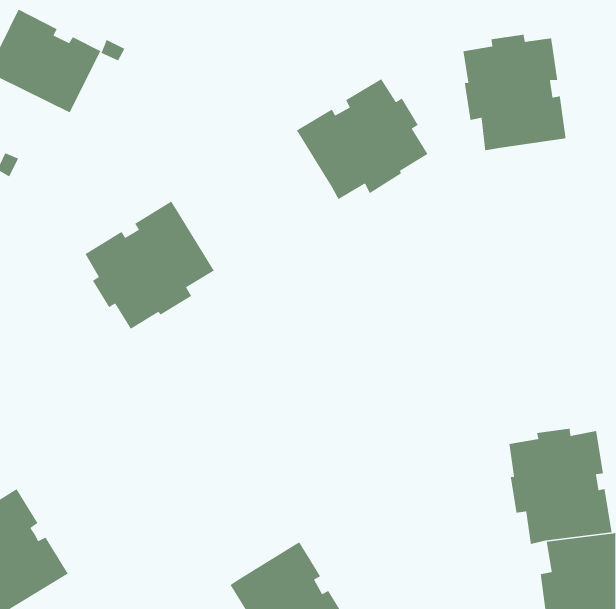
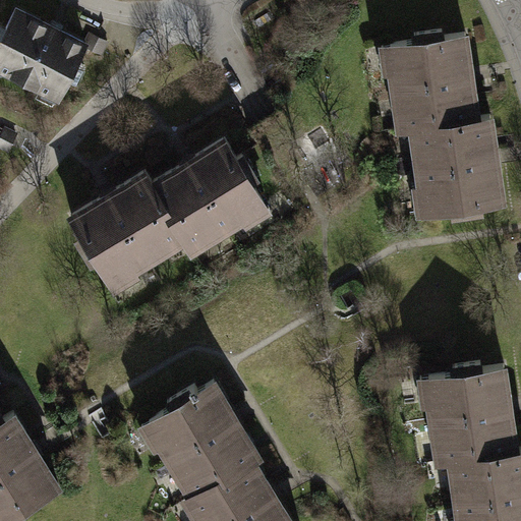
building: [296,78,429,200] -> [152,143,264,246]
building: none -> [416,123,503,220]
building: none -> [149,386,258,496]

